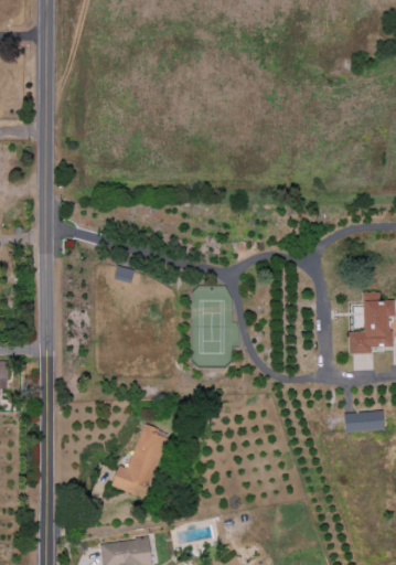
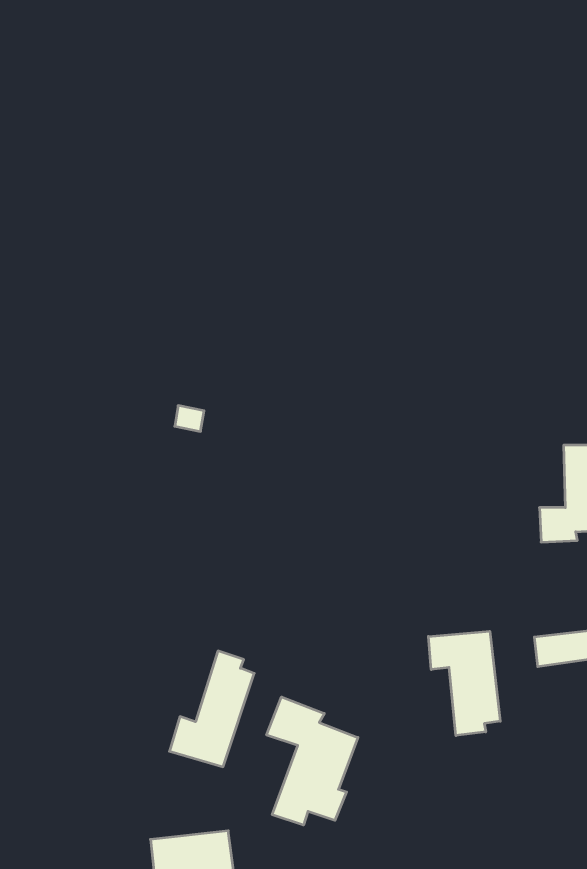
building: none -> [428,631,500,736]
building: none -> [267,697,358,825]

